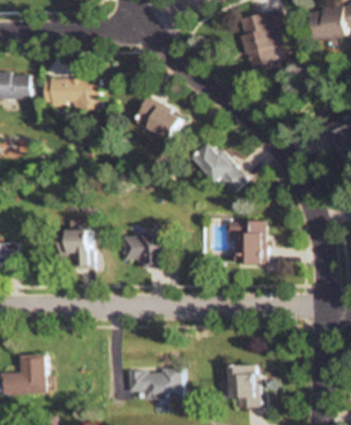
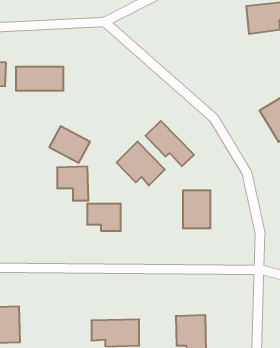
building: [238,8,287,72] -> none
building: [133,96,180,138] -> [49,126,90,163]
building: none -> [117,141,165,186]
building: [58,228,94,267] -> [57,167,88,201]

